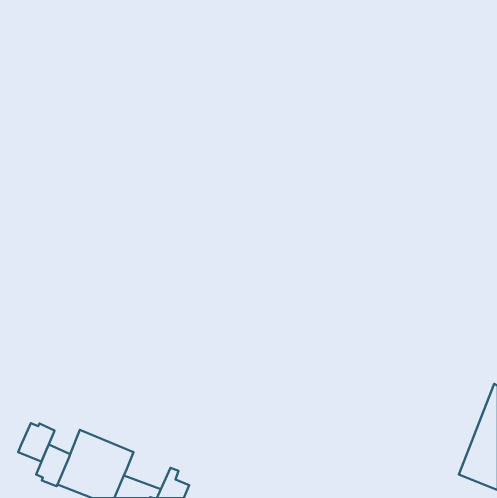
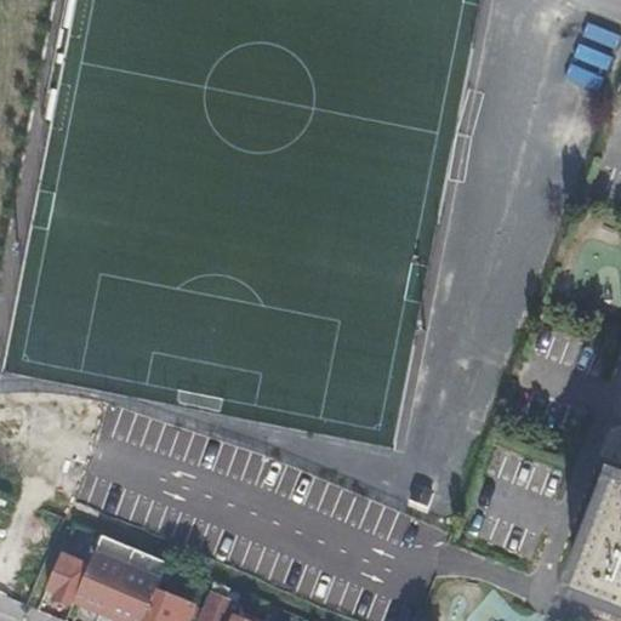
building: [18,423,55,462] -> none

